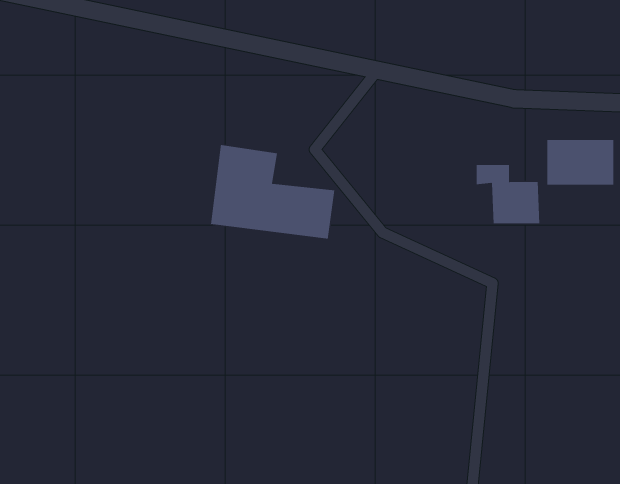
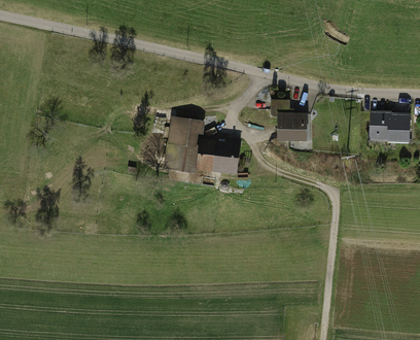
building: [476,165,540,224] -> [269,101,308,137]

